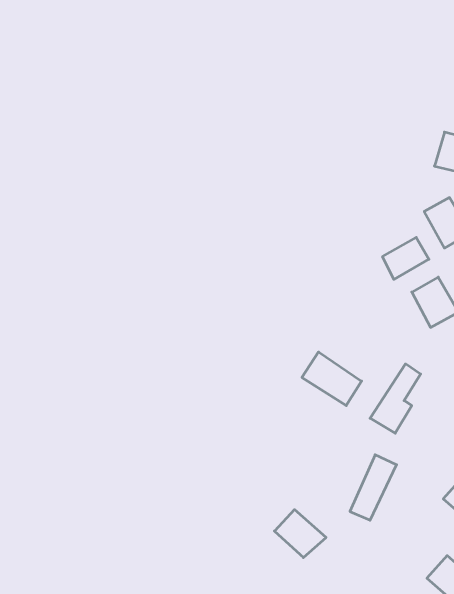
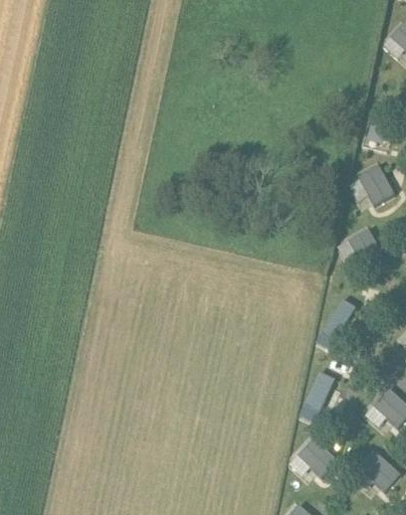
building: [383,237,429,279] -> none
building: [302,352,362,406] -> none
building: [274,510,326,558] -> [297,438,339,476]

